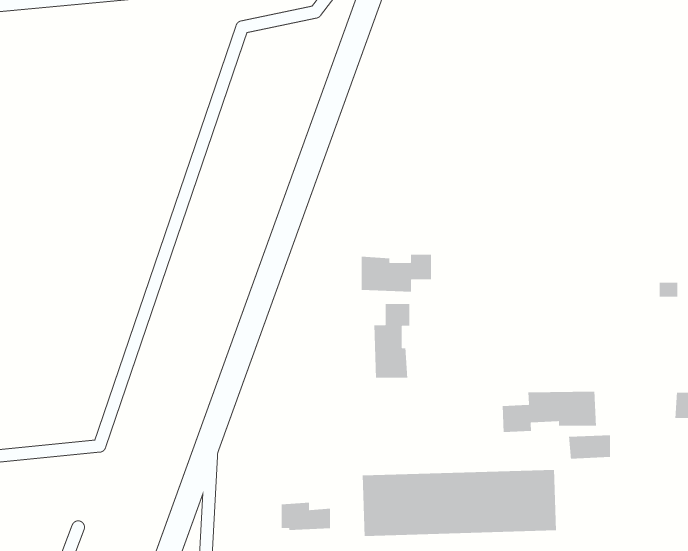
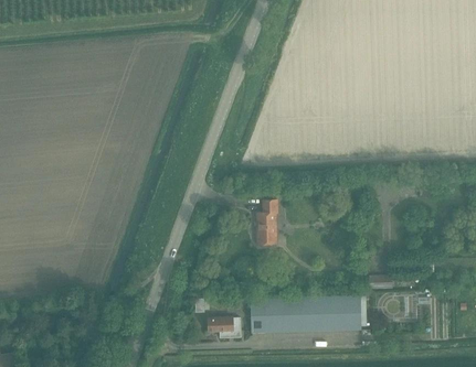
building: [361,254,432,292] -> none
building: [502,391,597,433] -> none

